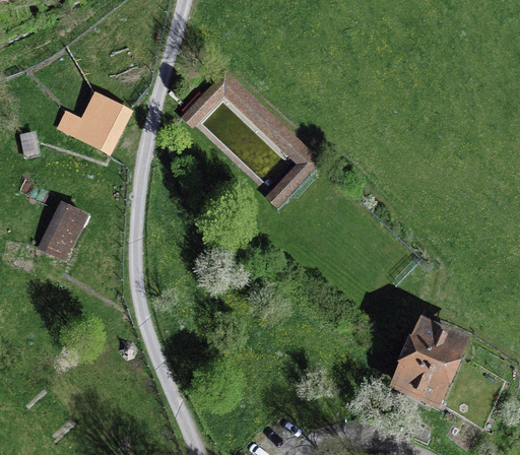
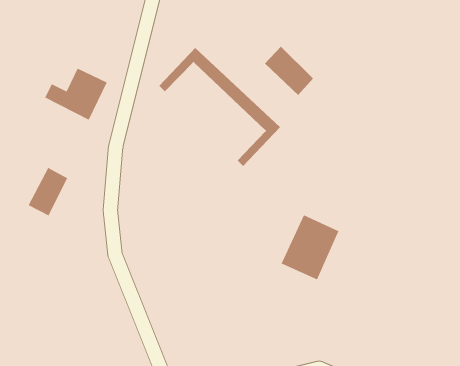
building: none -> [264,46,314,96]
building: [395,327,460,400] -> [281,214,340,280]

